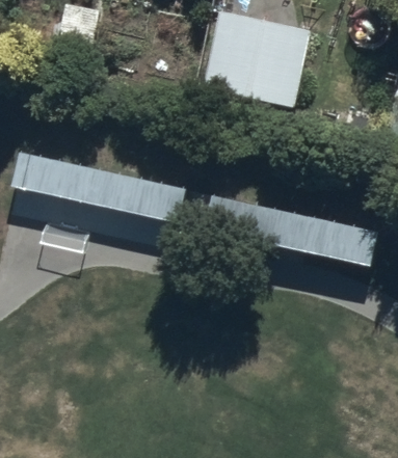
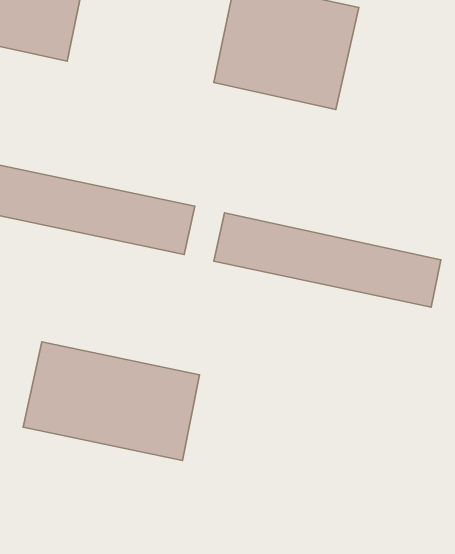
building: none -> [23,342,200,461]

